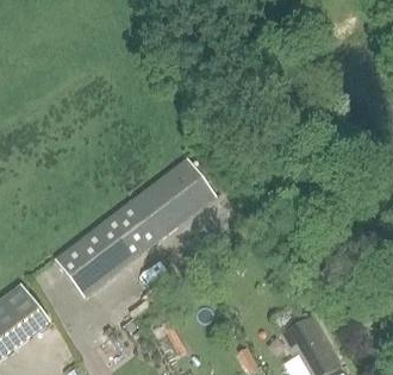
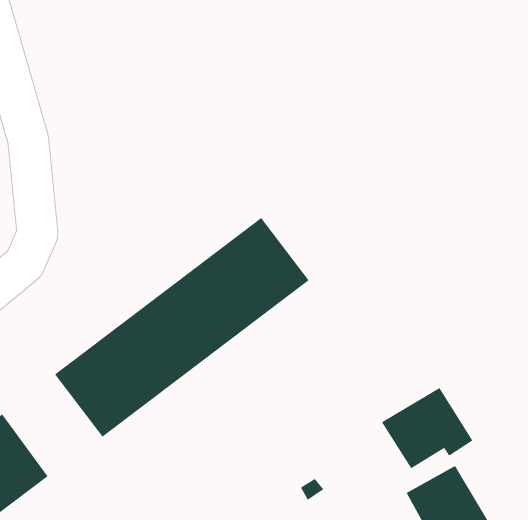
building: none -> [381,387,473,469]

